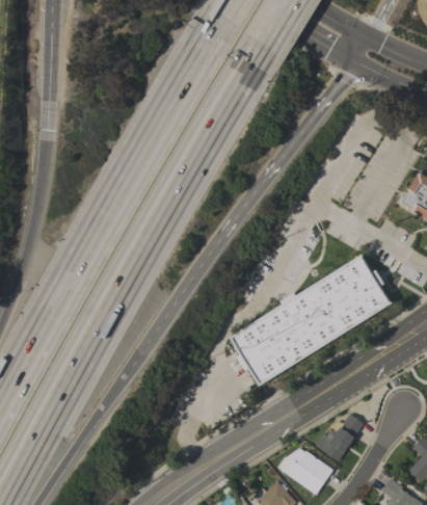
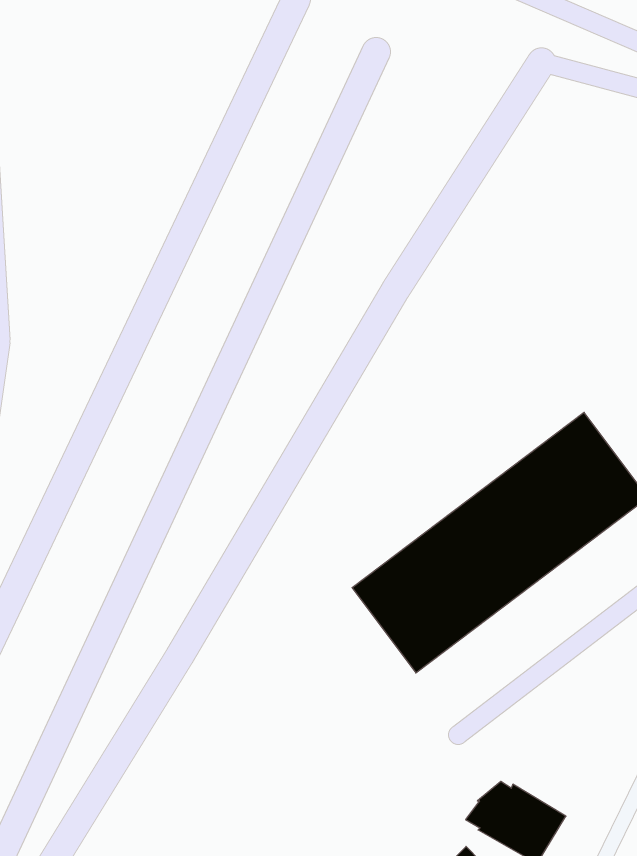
building: [315,414,364,461] -> none

